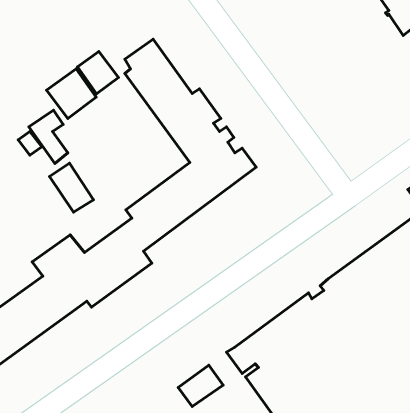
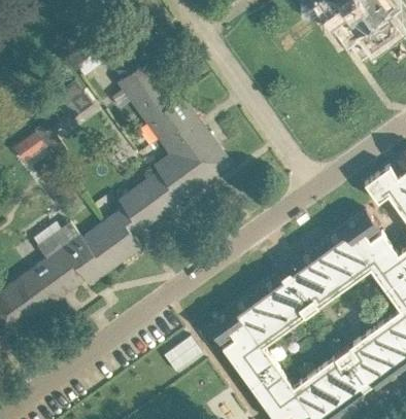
building: [77,52,119,94] -> none
building: [50,163,93,212] -> none

